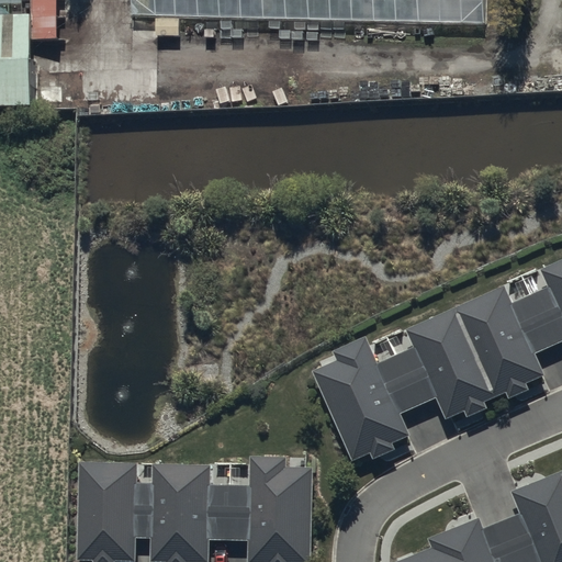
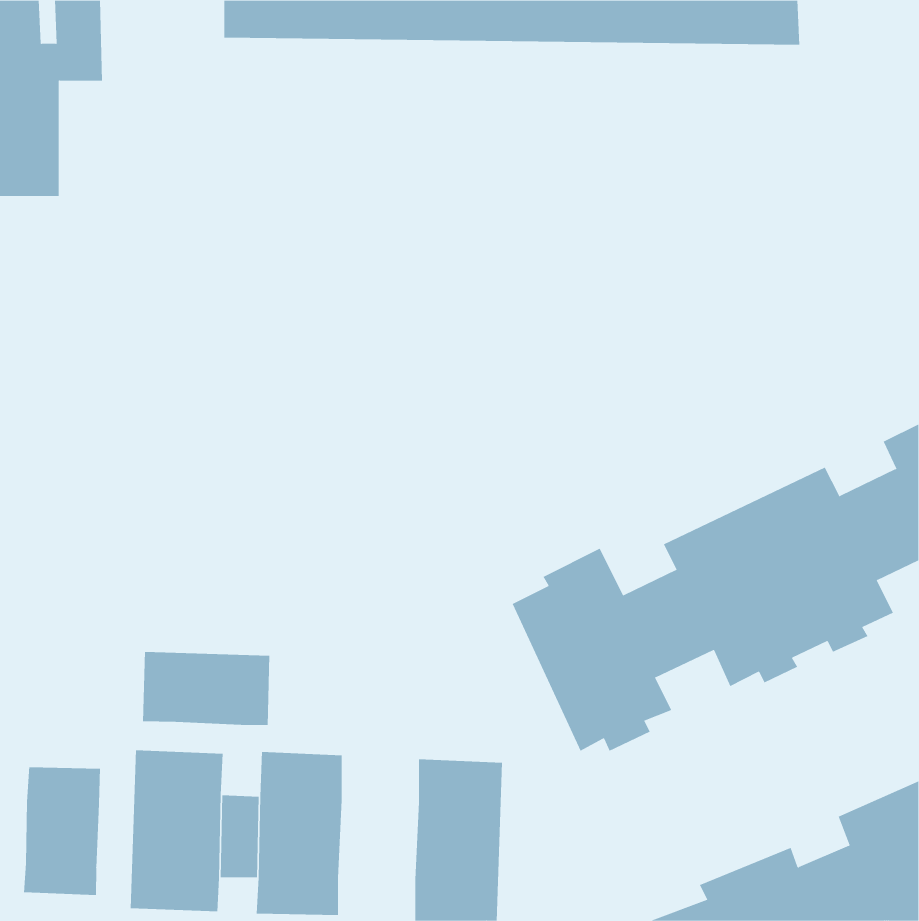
building: none -> [143,651,270,726]
building: none -> [23,766,100,896]
building: [206,487,255,536] -> none

